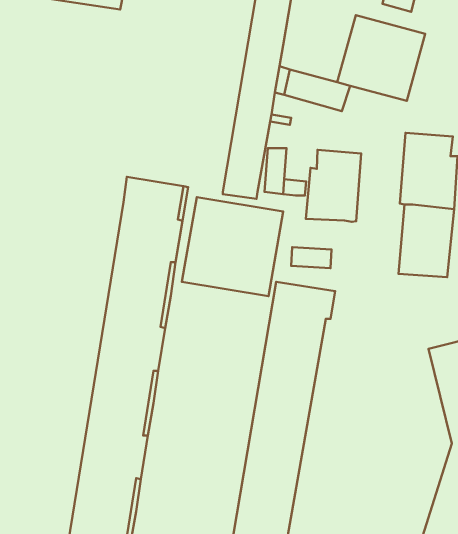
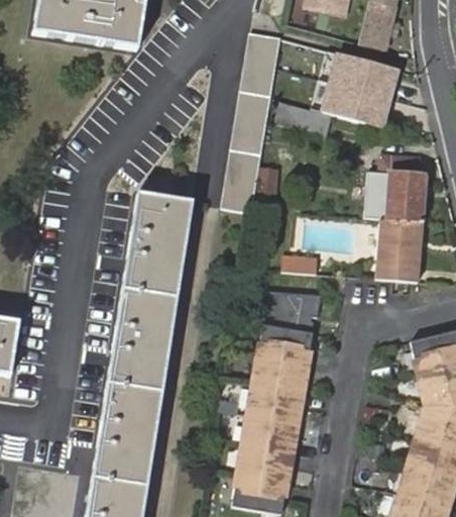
building: [306,150,361,222] -> none
building: [182,197,283,296] -> none

